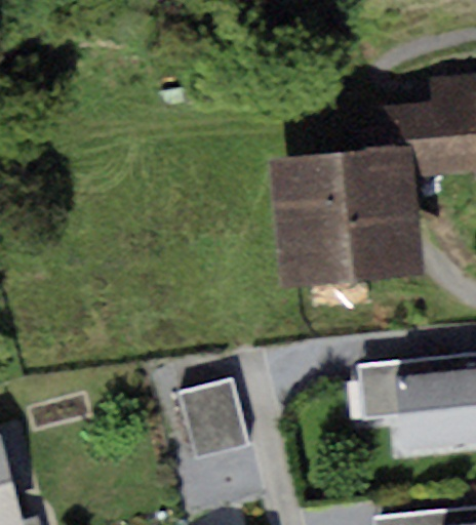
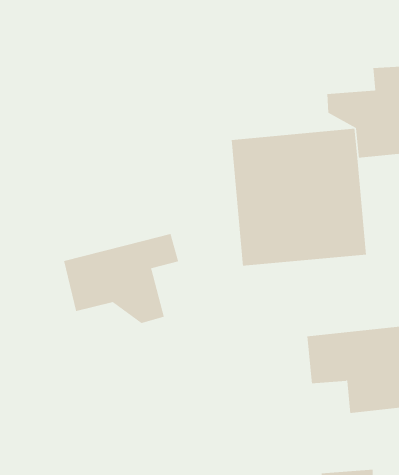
building: none -> [63,233,179,324]
building: [177,378,247,463] -> none

